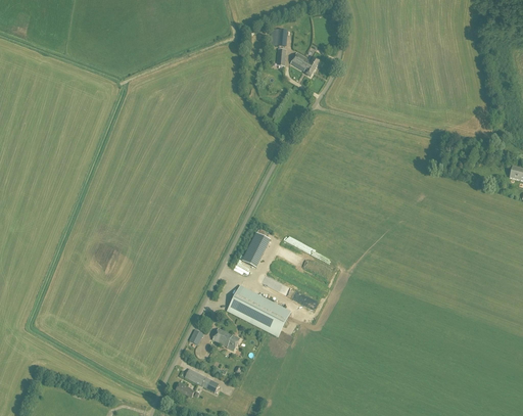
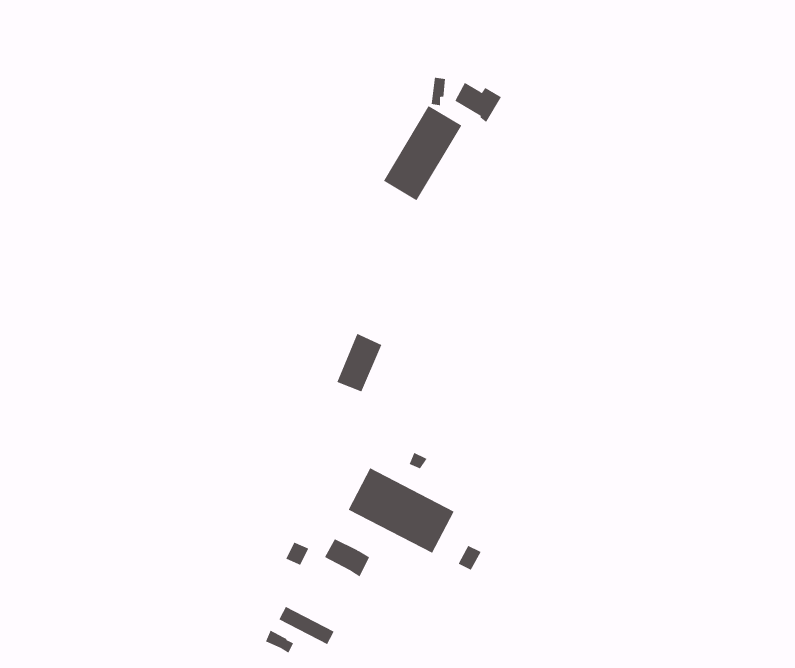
building: none -> [383,105,462,201]
building: [242,229,270,265] -> [336,333,382,392]

